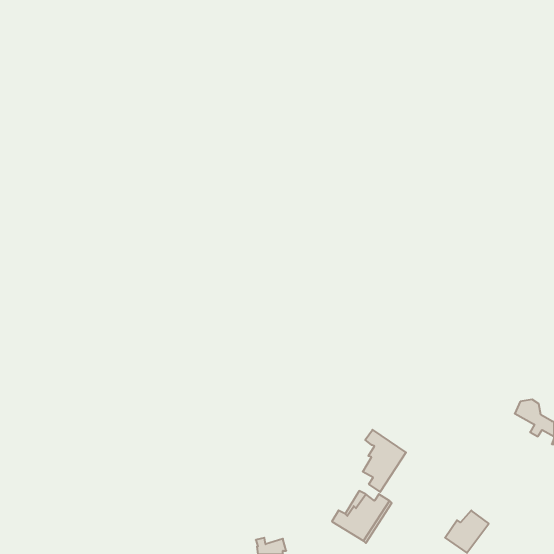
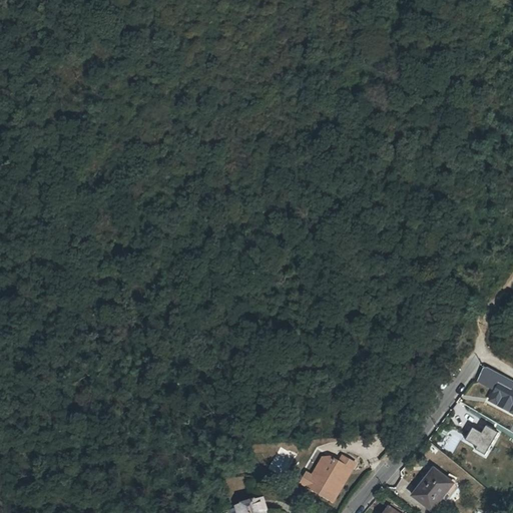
building: [363,430,406,492] -> none
building: none -> [460,423,498,455]

